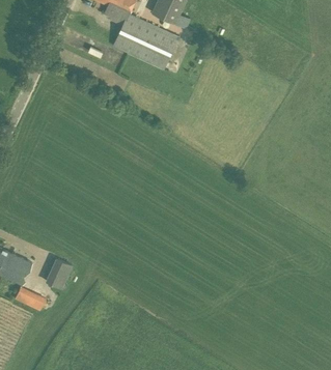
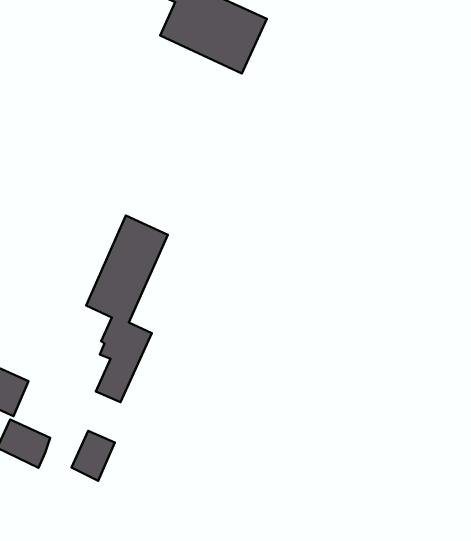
building: none -> [86,215,168,402]
building: [45,258,72,289] -> [71,431,115,481]

